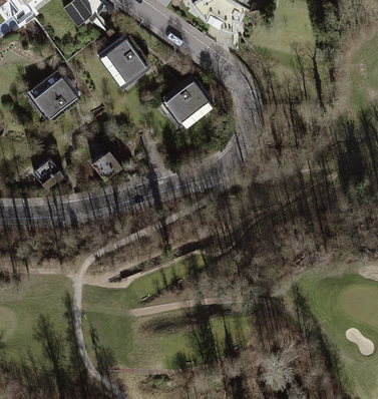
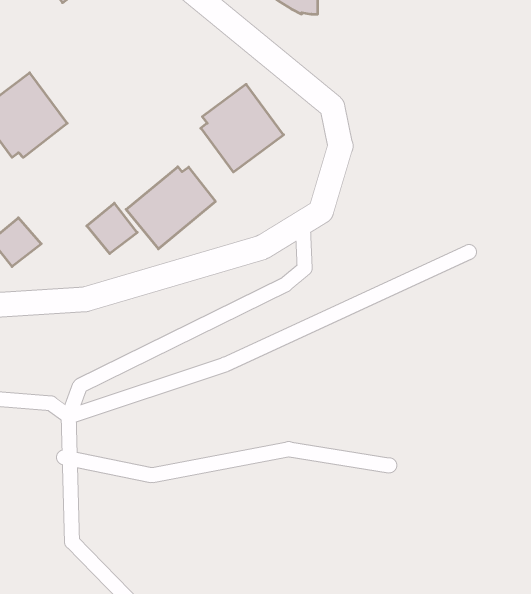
building: [99,35,150,89] -> none
building: none -> [126,167,215,249]

